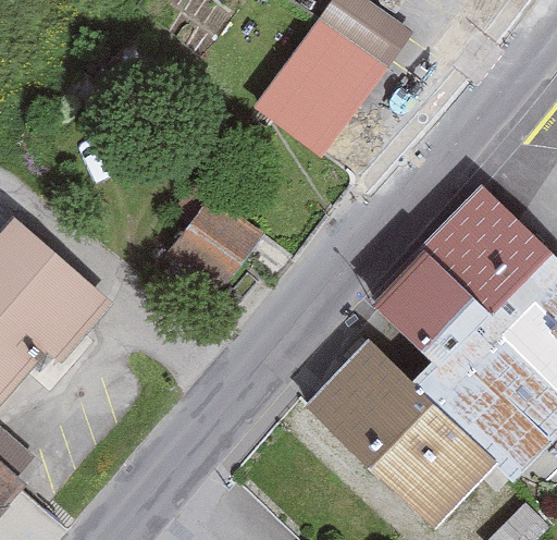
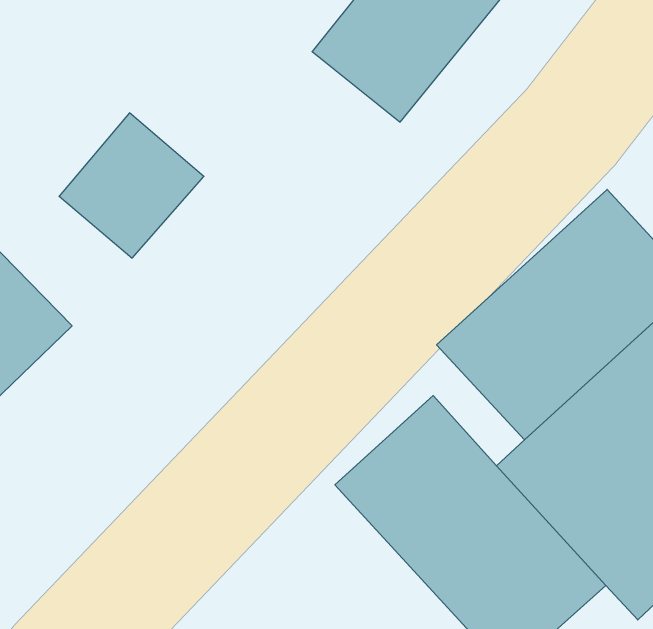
building: [172,186,273,289] -> [59,113,204,258]

